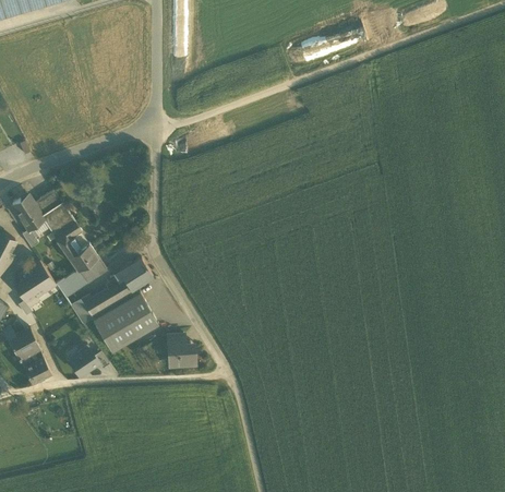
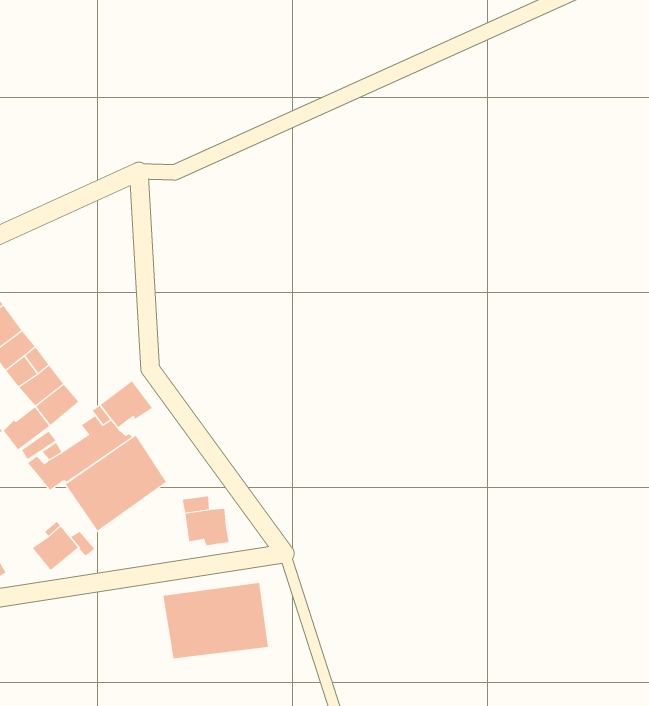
building: none -> [163,582,268,659]

